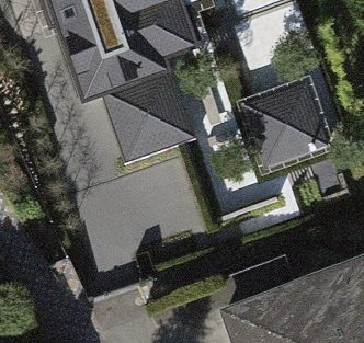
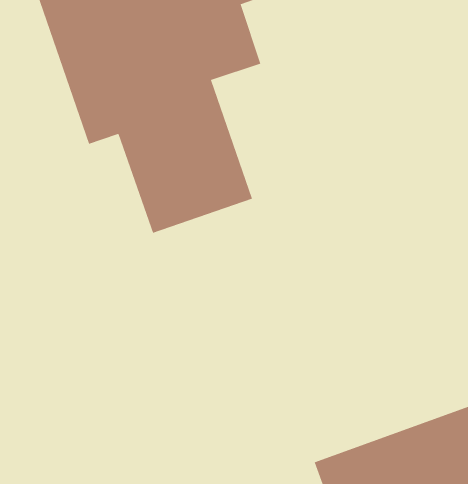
building: [241,81,328,168] -> none

